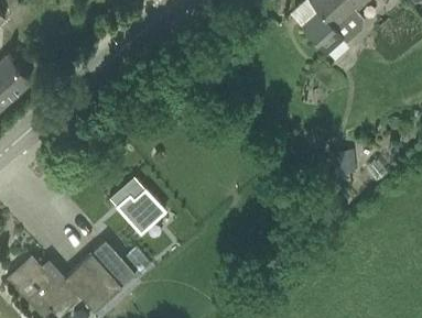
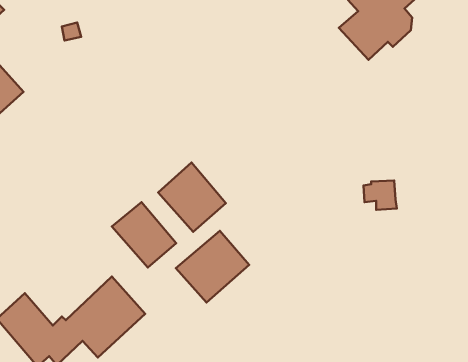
building: none -> [158,163,226,232]
building: none -> [176,231,249,303]

